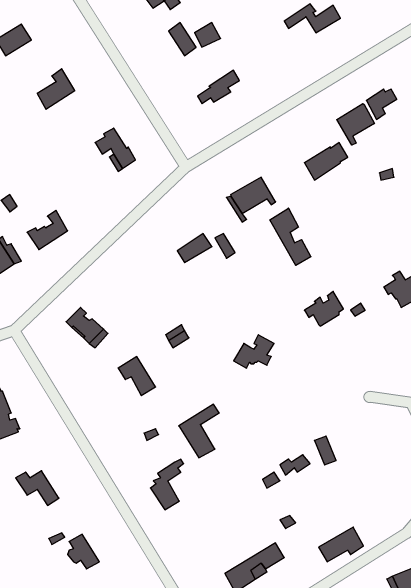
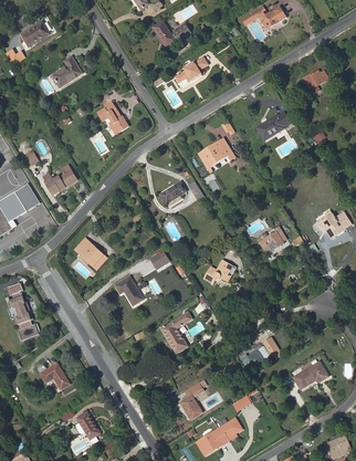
building: [337,104,374,145] -> none
building: [270,208,311,265] -> none
building: [150,459,184,510] -> [179,380,205,419]
building: [319,527,363,562] -> [293,362,327,388]

